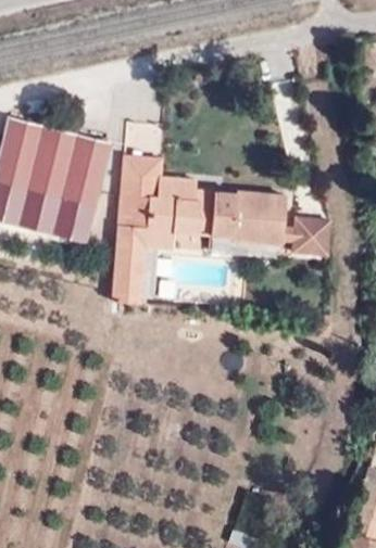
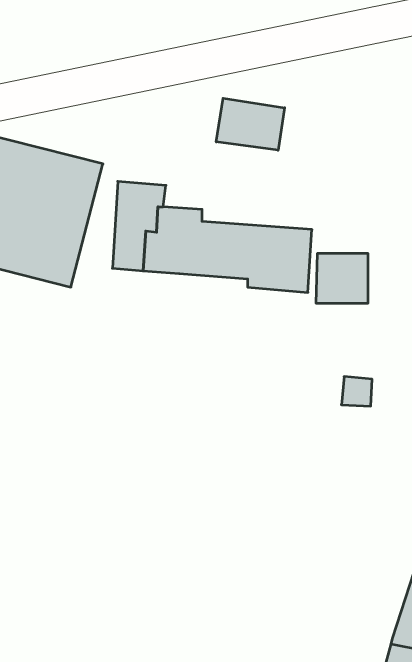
building: none -> [216,98,285,150]
building: [114,228,174,303] -> none

